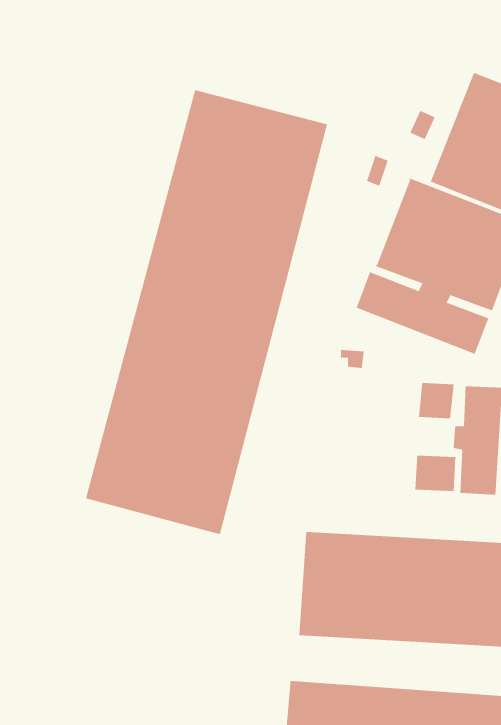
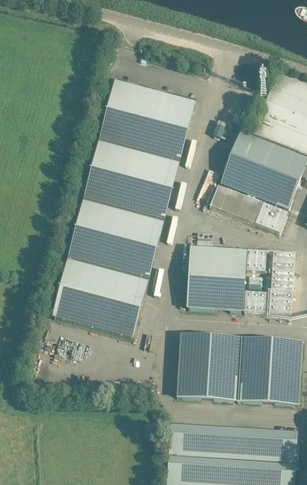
building: none -> [189,246,245,311]

